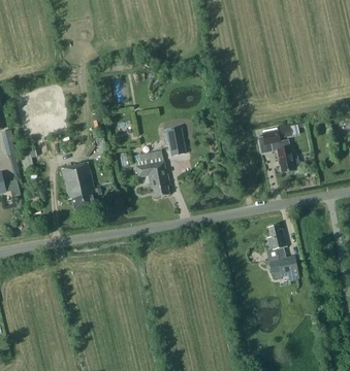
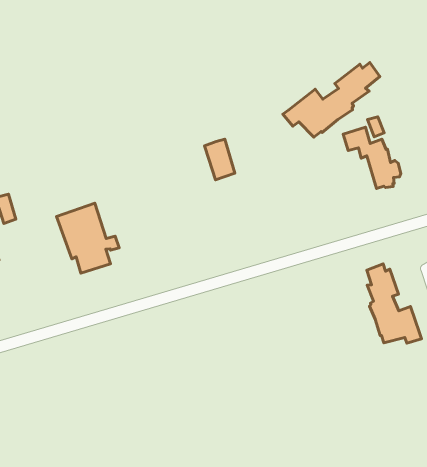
building: none -> [283,62,380,137]
building: [134,149,167,196] -> none

